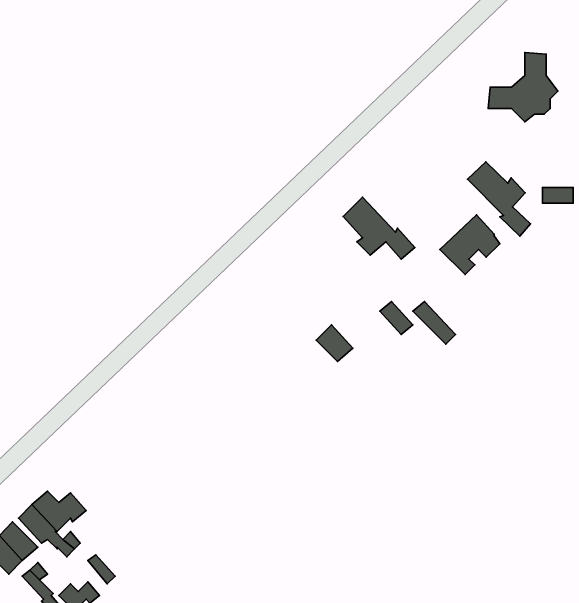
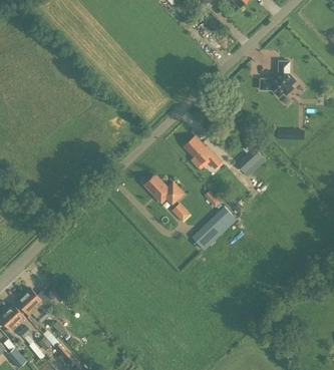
building: [467,162,531,236] -> none
building: none -> [143,173,184,204]
building: none -> [192,205,237,250]

